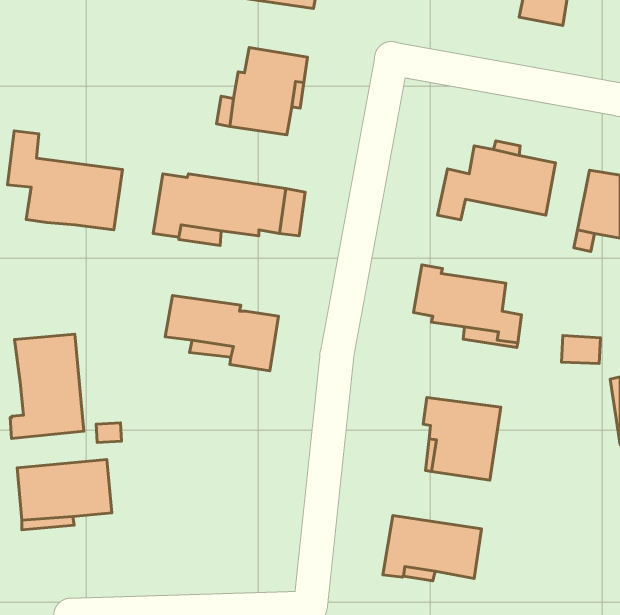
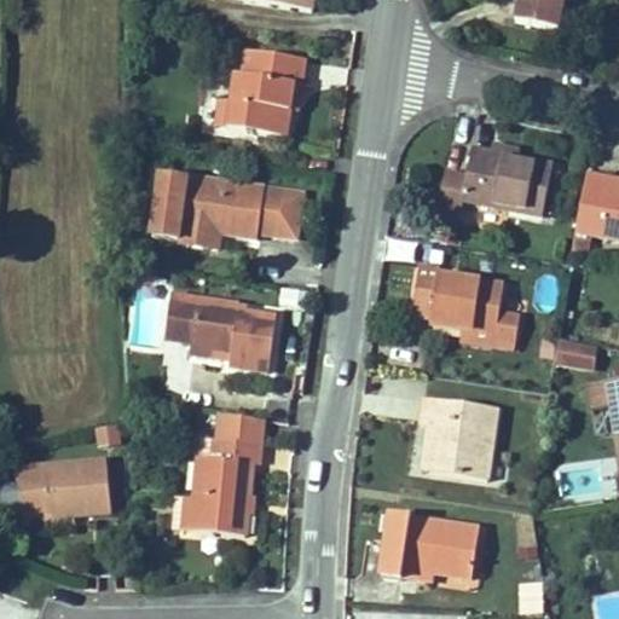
building: [8,131,123,230] -> none
building: [10,334,84,439] -> none
building: none -> [173,410,262,533]

